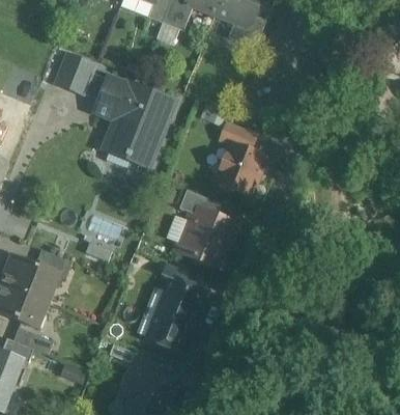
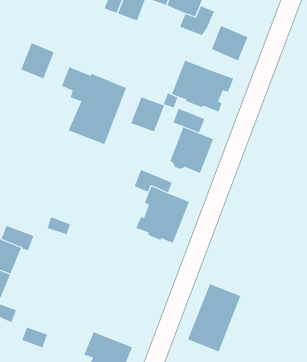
building: none -> [211,25,248,61]
building: none -> [171,60,234,113]
building: none -> [131,96,165,132]
building: [147,278,205,352] -> [187,283,241,352]

